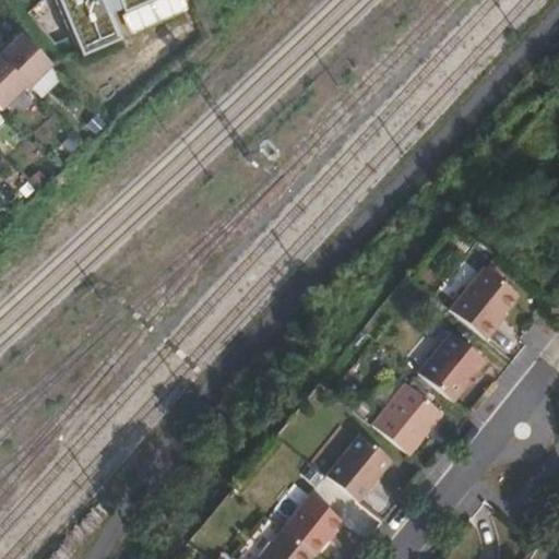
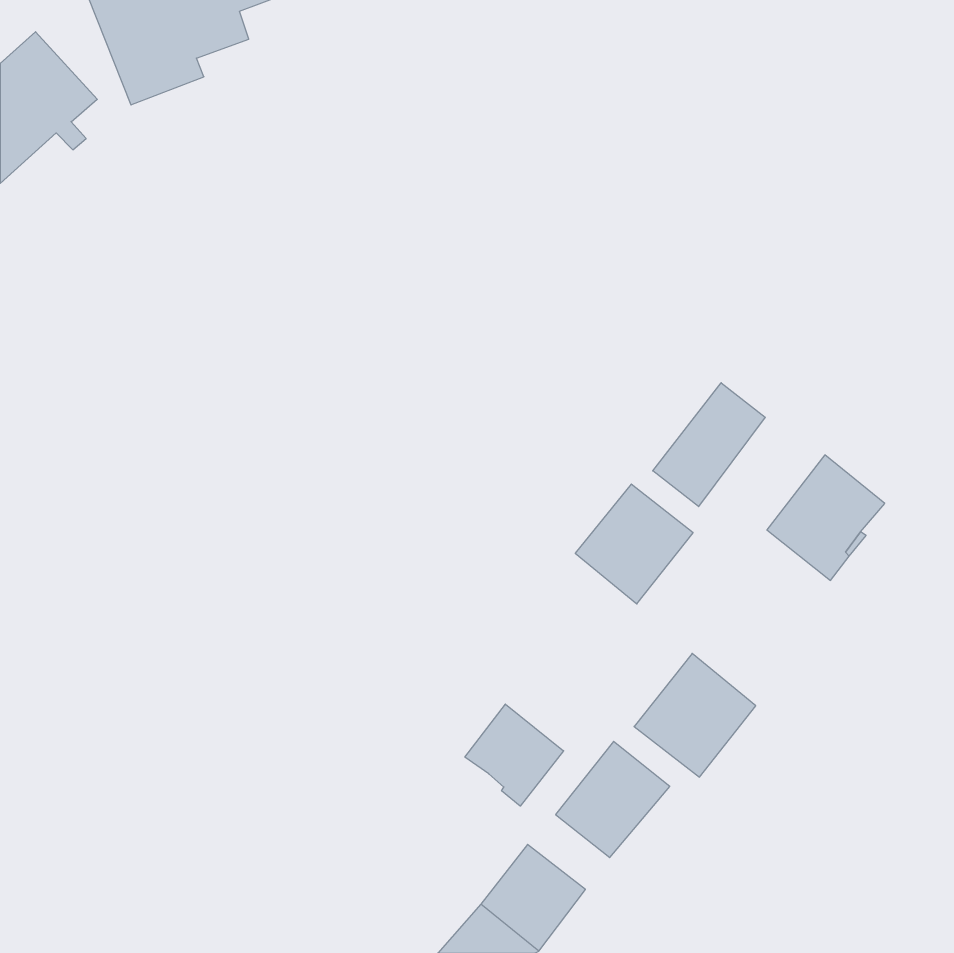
building: none -> [653,383,765,507]
building: [417,331,486,401] -> [575,484,693,604]
building: none -> [465,704,564,806]

